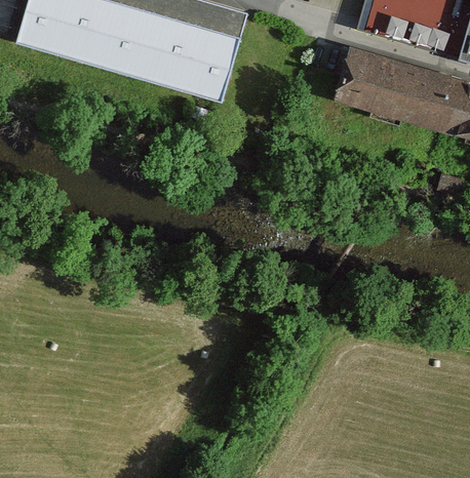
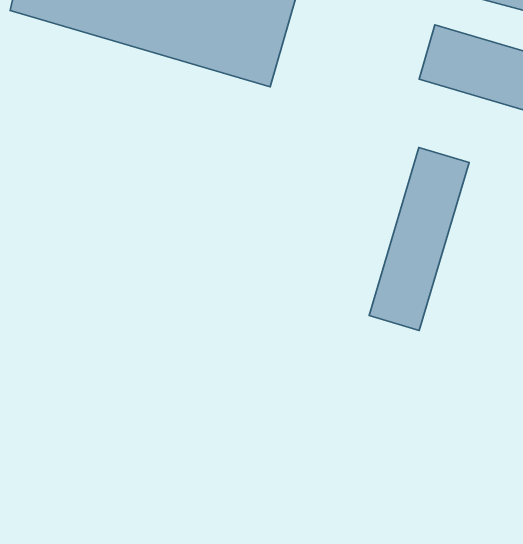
building: none -> [369,147,469,331]

